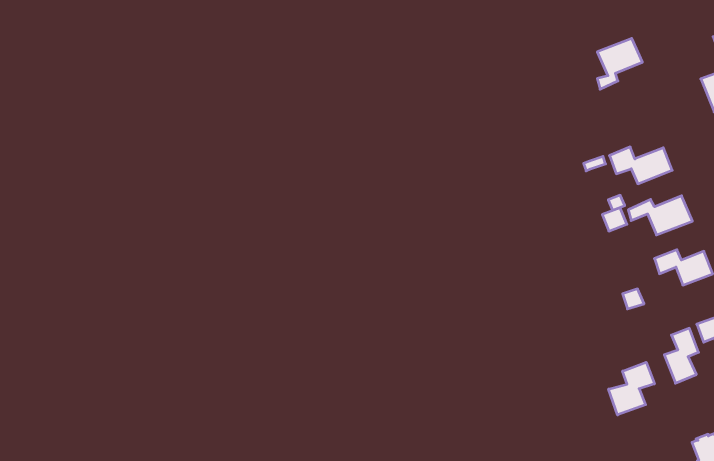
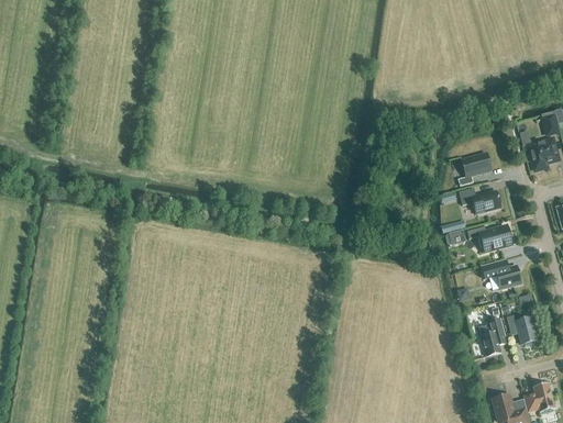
building: [597,38,642,89] -> [459,153,492,186]
building: [609,362,654,415] -> none

